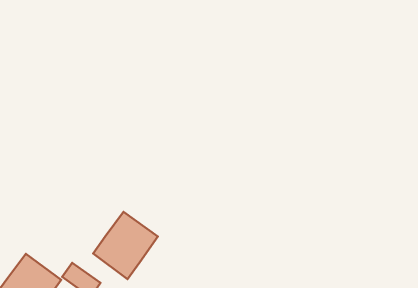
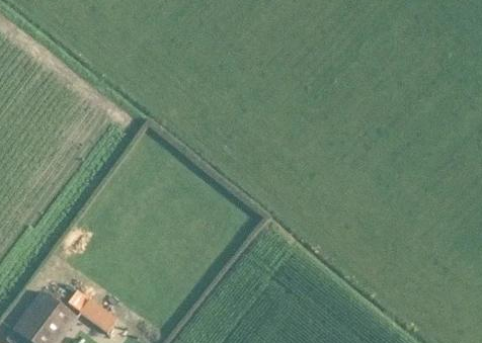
building: [93,212,158,279] -> none

